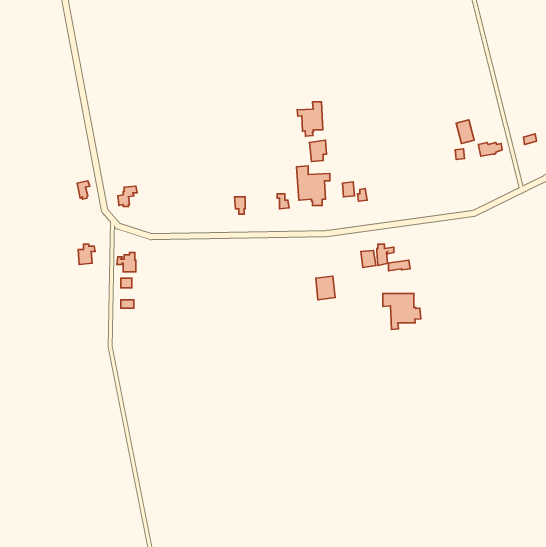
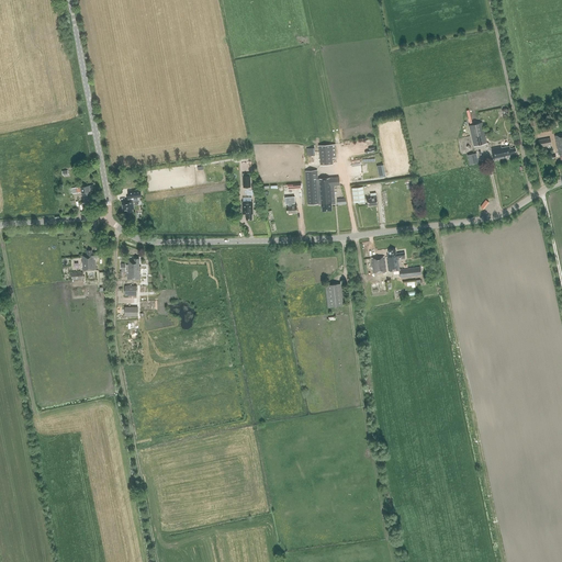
building: [297,102,323,136] -> none
building: [383,293,421,329] -> none

